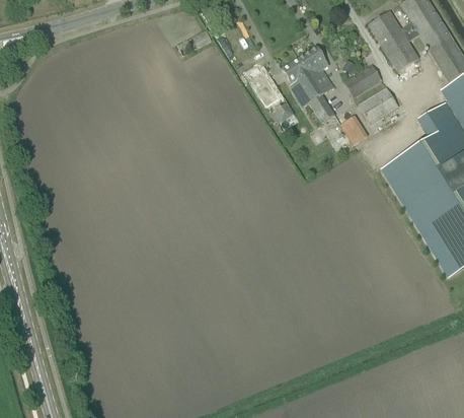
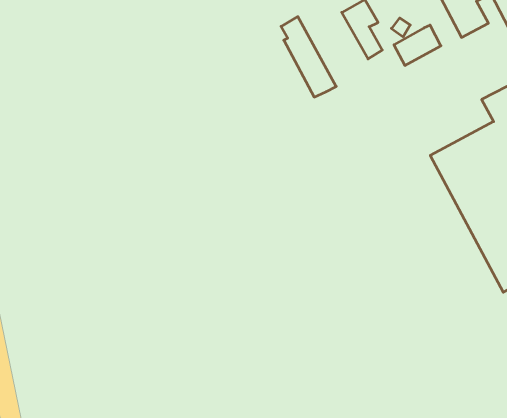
building: [282,58,336,123] -> none
building: [358,86,399,123] -> none
building: [339,114,368,144] -> none

